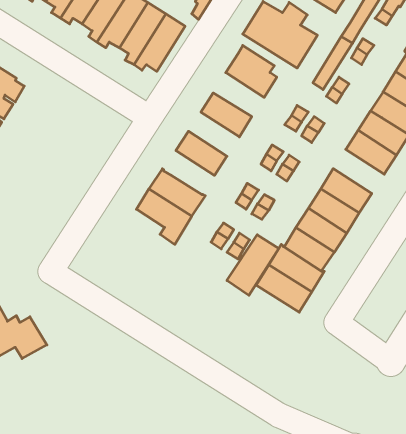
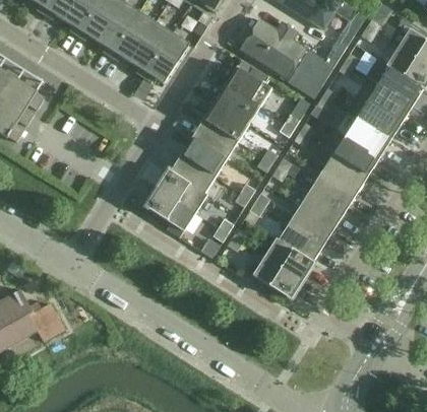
building: none -> [215,83,260,123]
building: none -> [192,119,238,158]
building: none -> [322,152,368,192]
building: none -> [170,153,216,193]
building: [227,235,279,295] -> none

